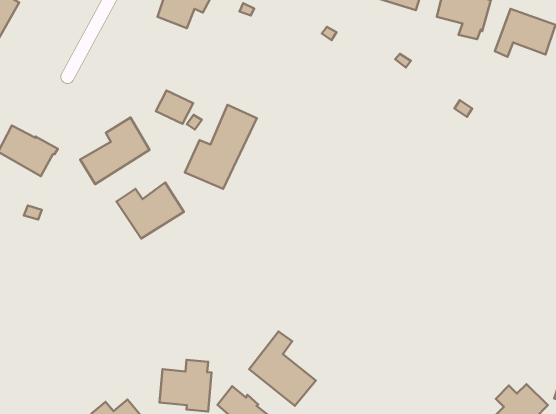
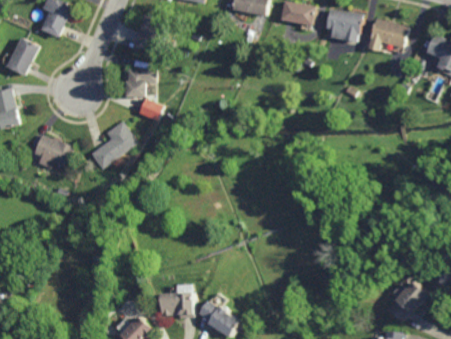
building: none -> [125,70,145,99]
building: [185,105,257,189] -> none
building: [116,183,184,239] -> none
building: [249,331,316,406] -> none

